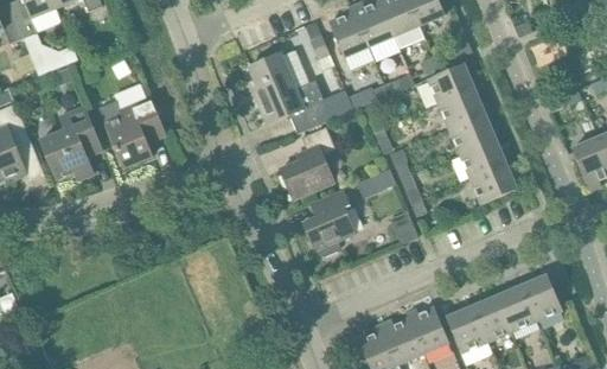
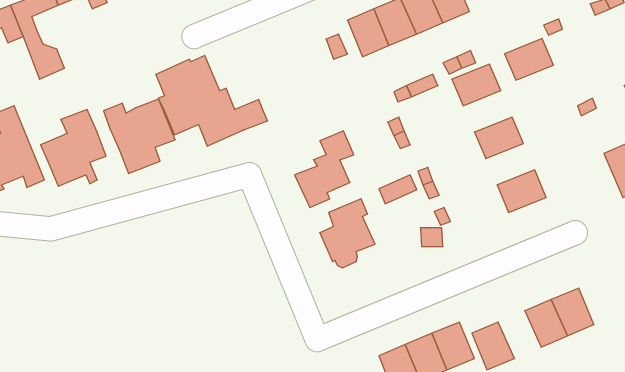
building: [249,49,354,134] -> [156,55,268,146]
building: [439,89,485,128] -> [505,39,554,80]
building: [460,139,506,178] -> none
building: [472,297,512,342] -> none

